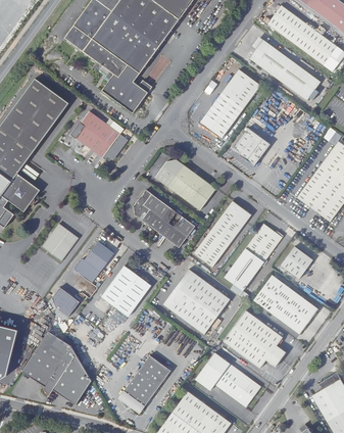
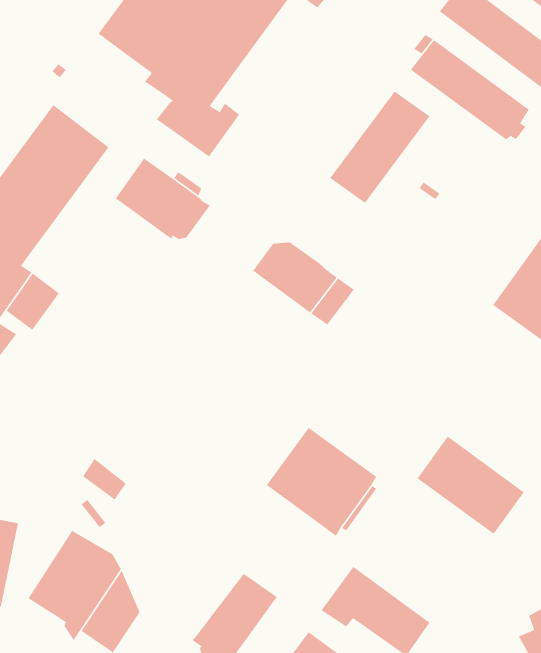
building: [233,129,272,166] -> none
building: [134,189,196,247] -> none
building: [195,201,251,266] -> none
building: [224,224,282,291] -> none
building: [43,226,80,263] -> none
building: [76,243,115,284] -> none
building: [281,246,313,279] -> none
building: [102,268,151,318] -> none
building: [226,312,287,368] -> none

